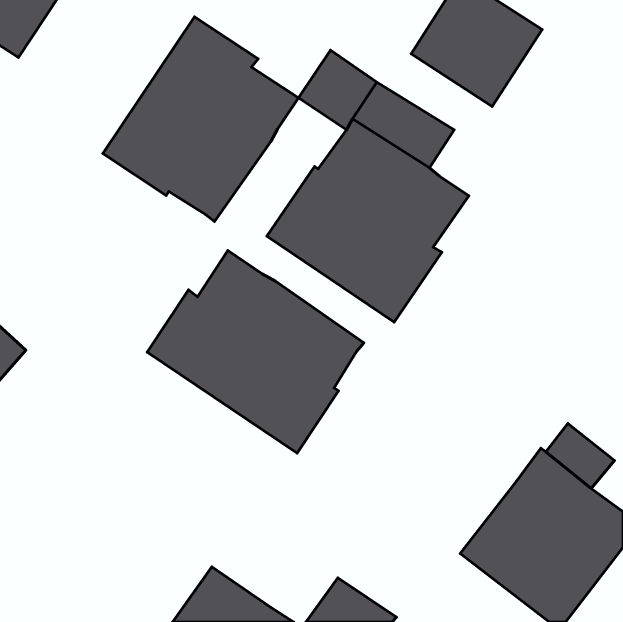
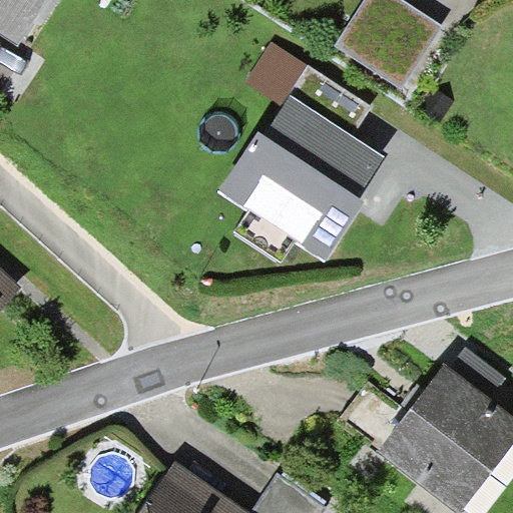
building: [103,17,299,222] -> none
building: [147,250,364,453] -> none

